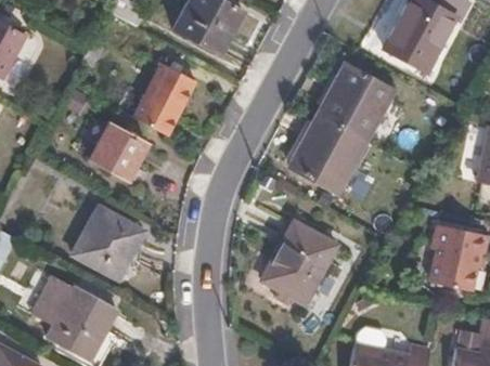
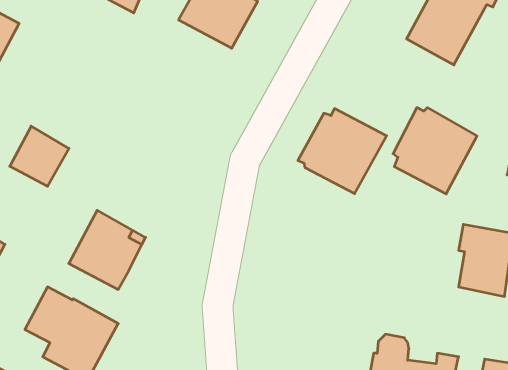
building: [315,60,392,139] -> [393,108,477,194]
building: [136,65,196,138] -> none
building: [91,125,145,180] -> [10,126,69,186]
building: [262,223,338,304] -> none

